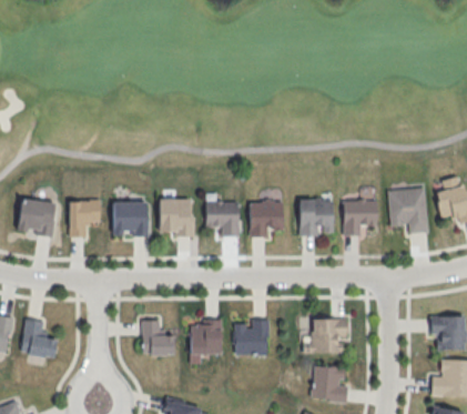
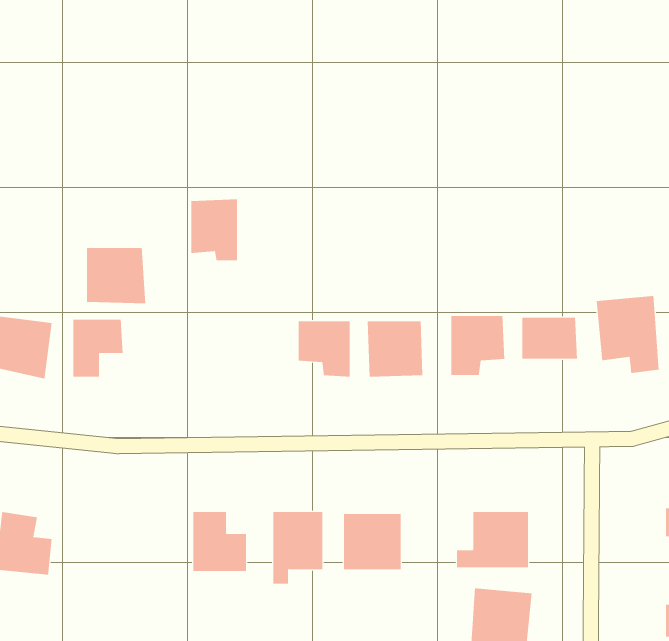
building: [160,199,189,236] -> [191,199,238,261]
building: [112,202,149,236] -> [86,248,146,304]

